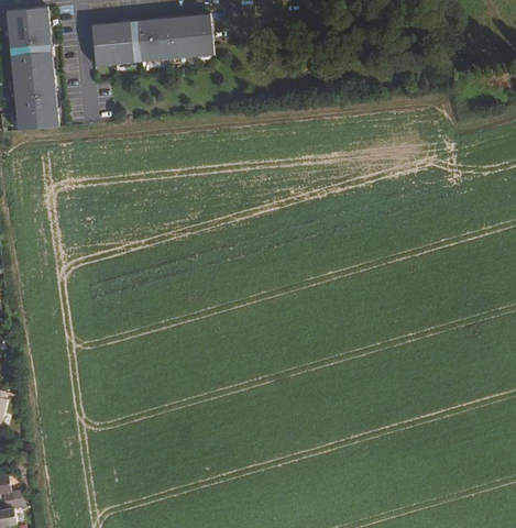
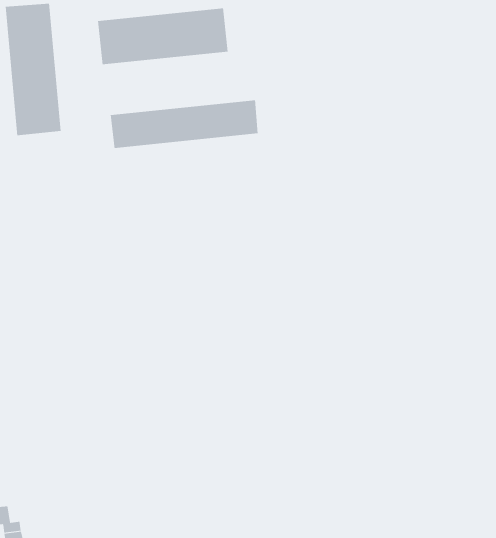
building: none -> [110,100,258,149]

